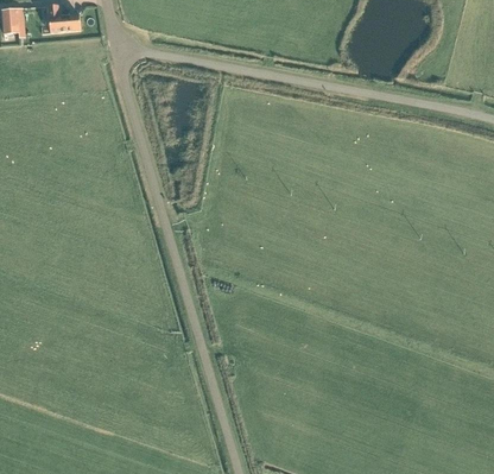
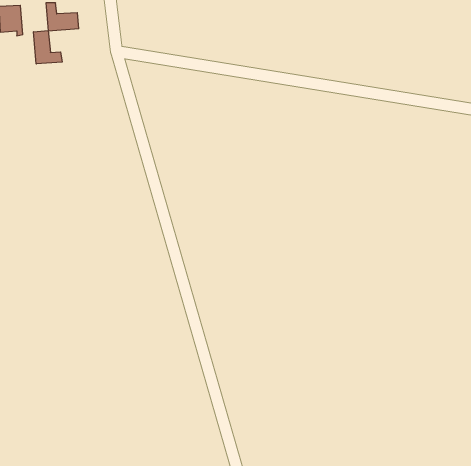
building: none -> [34,31,62,64]

